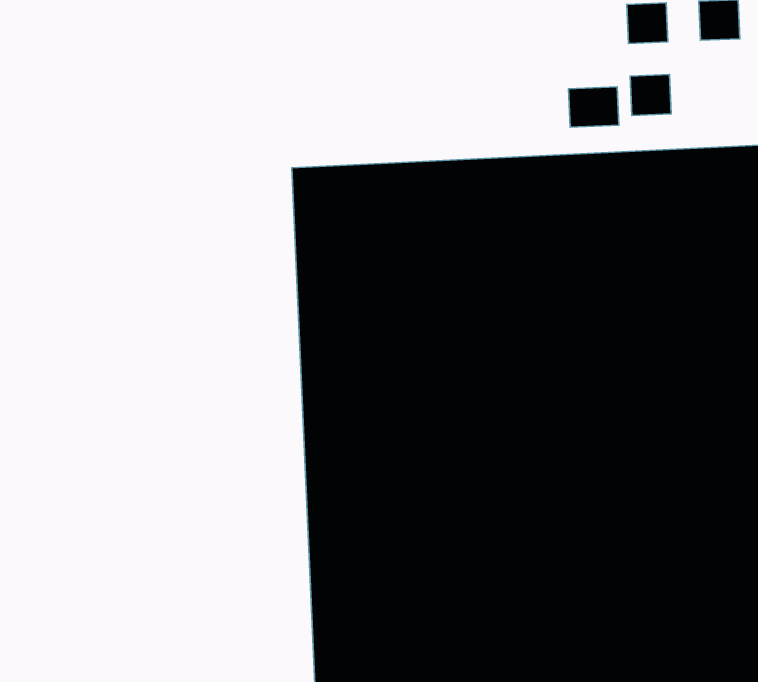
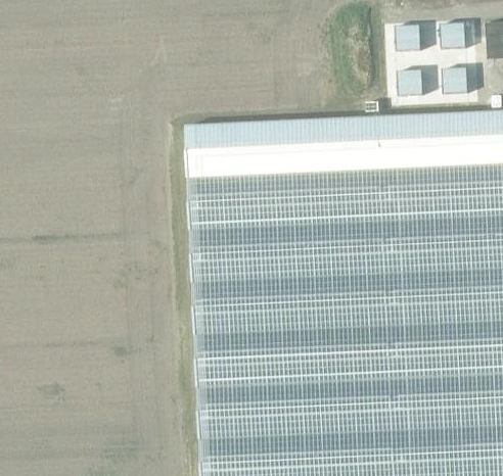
building: none -> [442,68,467,94]
building: [568,87,619,127] -> none

